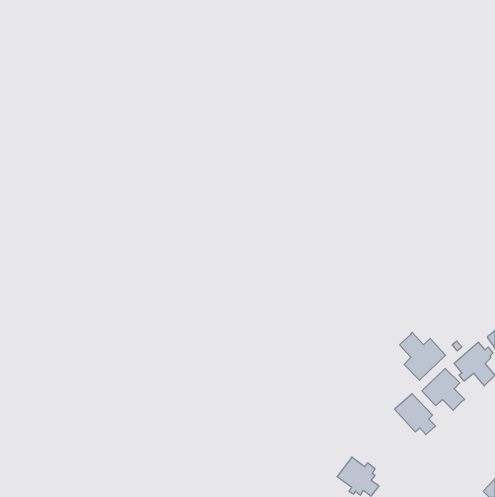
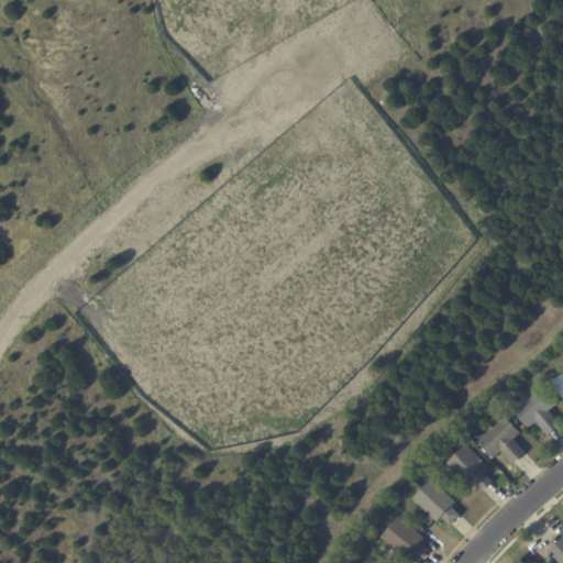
building: [400,332,446,380] -> none
building: none -> [411,478,459,523]

